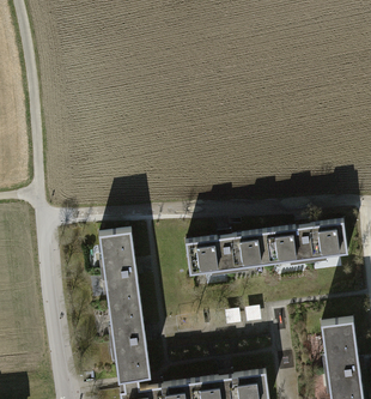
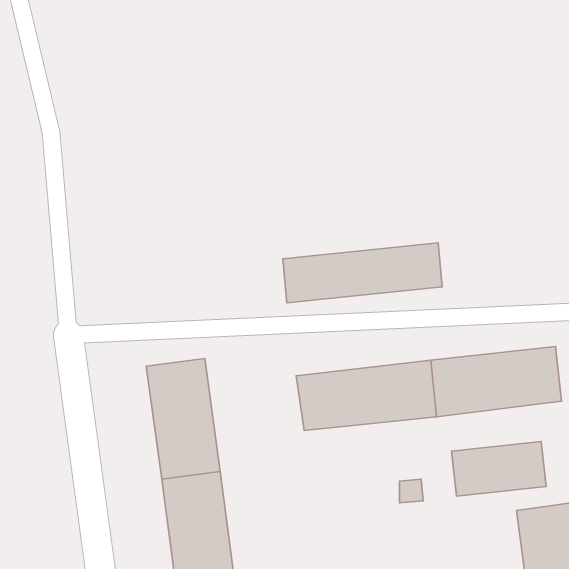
building: none -> [283,243,442,303]
building: none -> [451,441,546,496]

